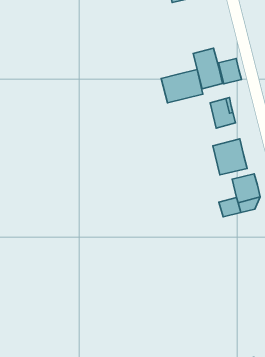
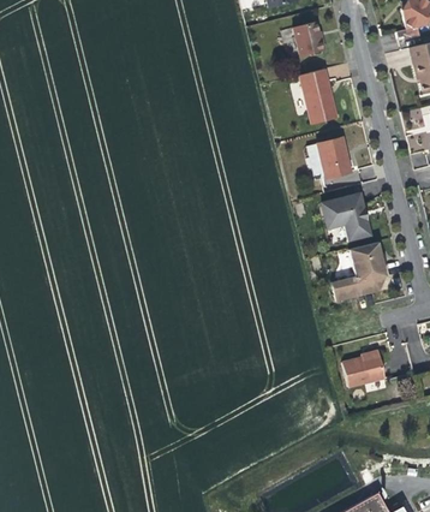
building: [219,58,241,84] -> [293,23,324,58]
building: [161,69,203,103] -> none
building: none -> [342,347,386,383]

